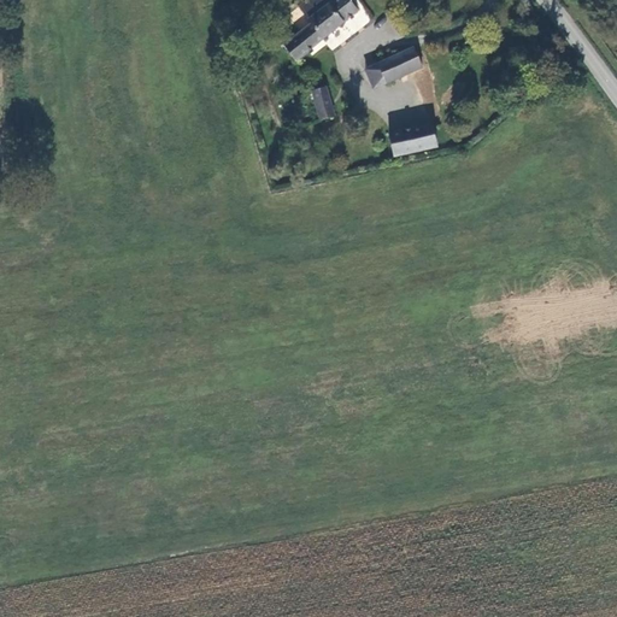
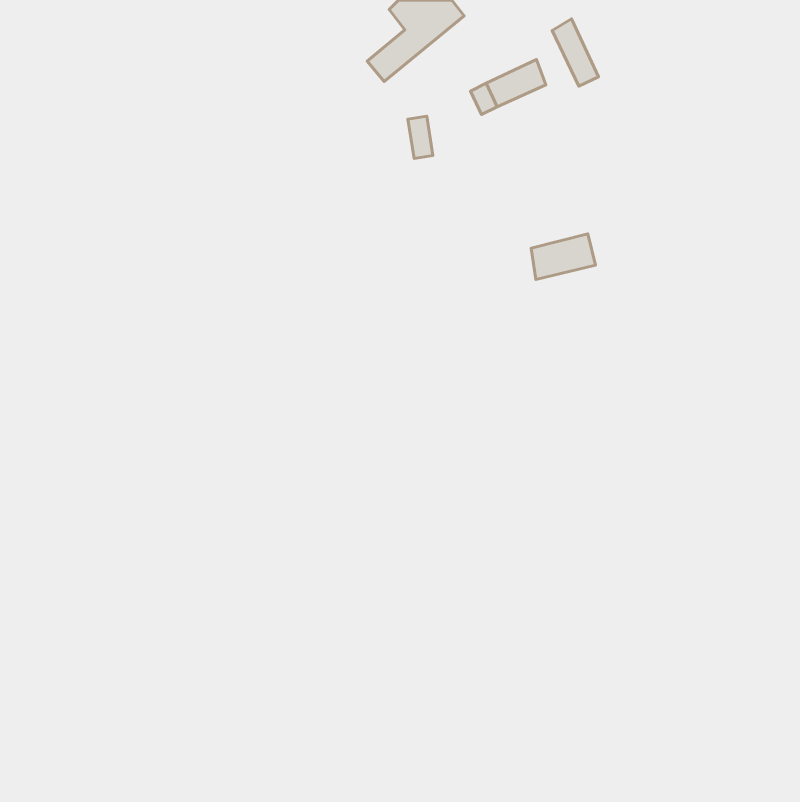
building: none -> [552,19,598,86]
building: [389,122,439,157] -> [531,234,596,279]

